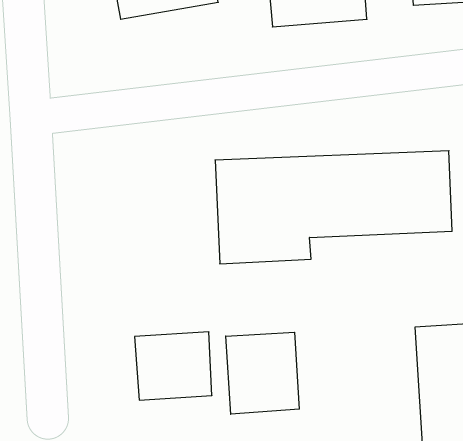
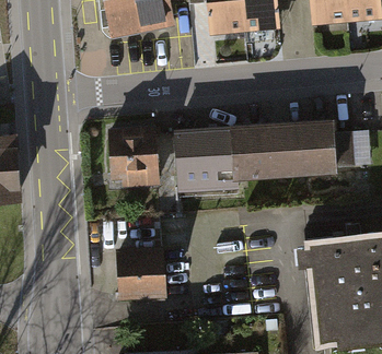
building: none -> [104,128,161,190]
building: [226,332,299,414] -> none

